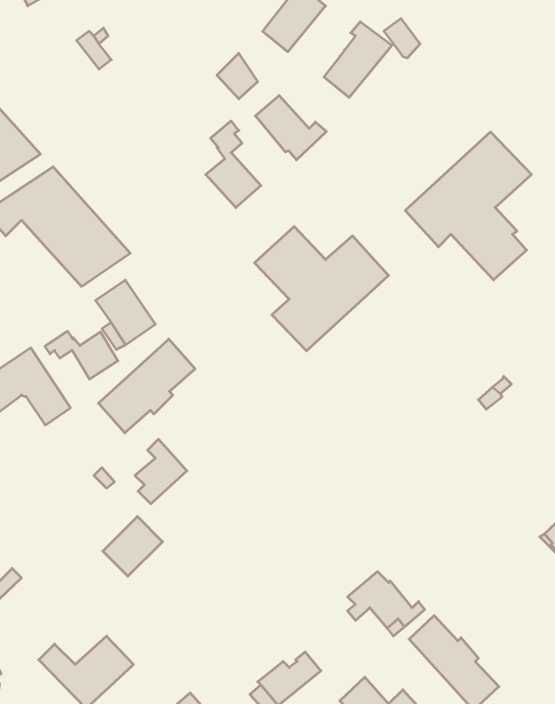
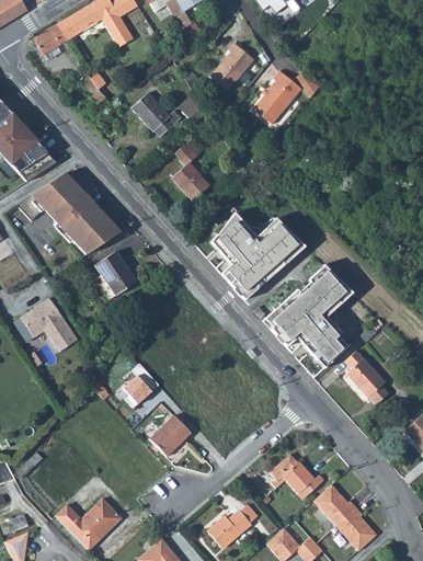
building: [255,95,326,160] -> [133,91,182,136]
building: [405,132,531,280] -> [261,265,348,368]
building: [45,331,118,379] -> none
building: [98,339,195,433] -> none
building: none -> [345,350,388,403]
building: [103,516,163,576] -> [150,413,192,455]

